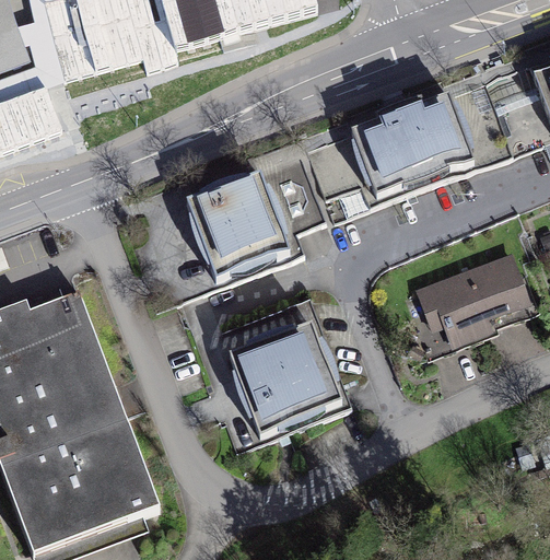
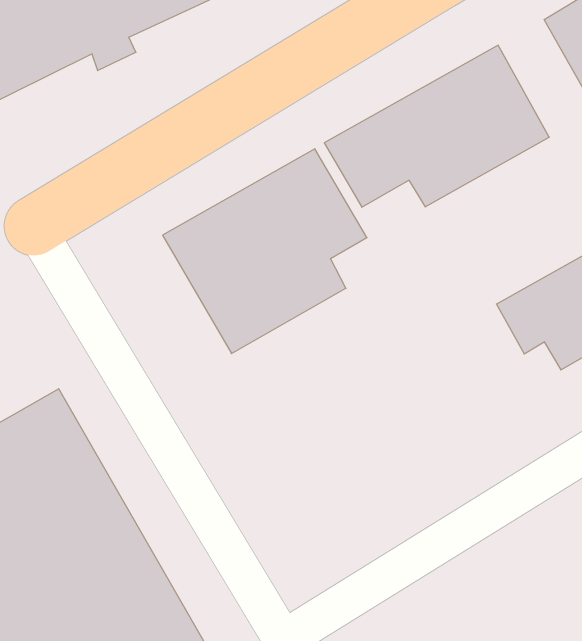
building: [221,295,351,438] -> none

